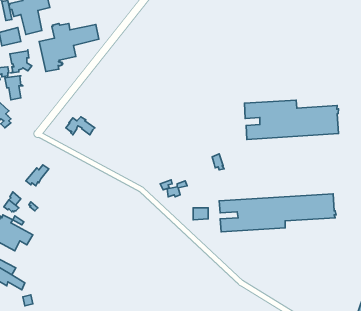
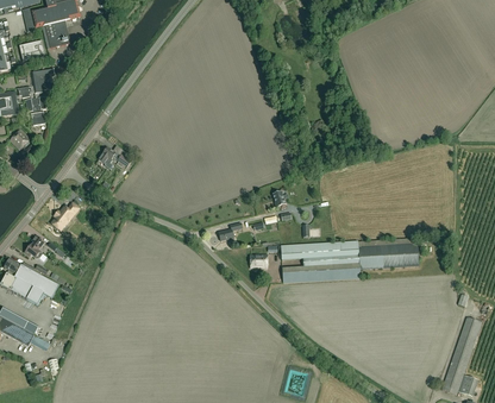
building: [39,23,99,72] -> none
building: [244,100,339,140] -> none

